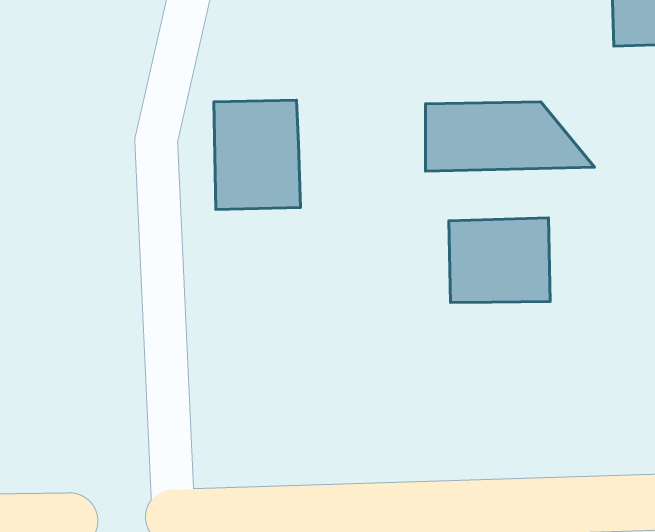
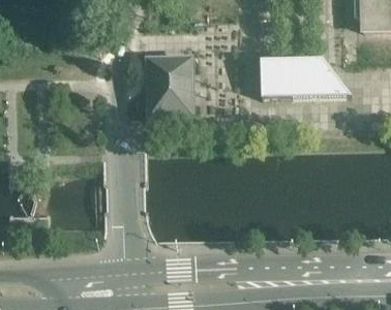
building: [449,218,550,302] -> none

